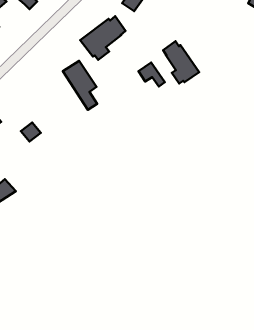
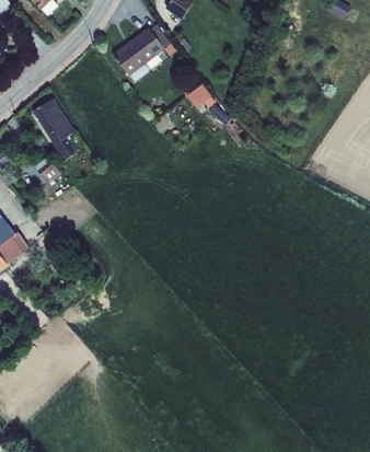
building: [163,41,199,83] -> none
building: [63,61,97,110] -> [32,96,76,159]

